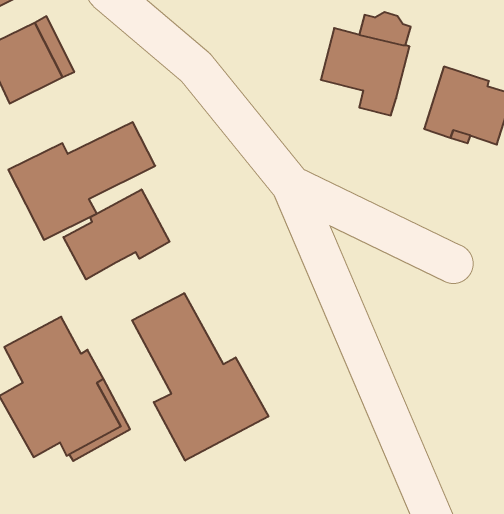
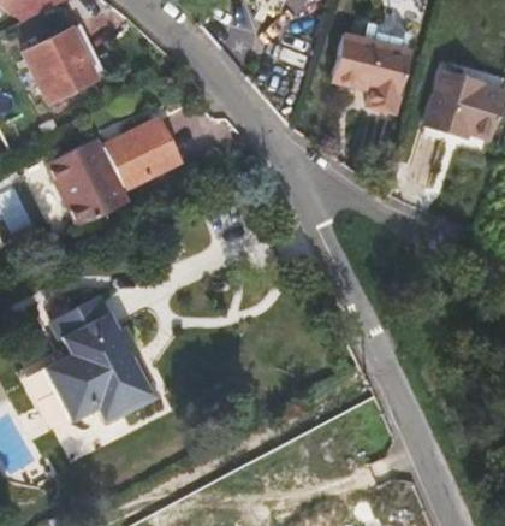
building: [63,189,170,279] -> none
building: [132,293,268,461] -> none

